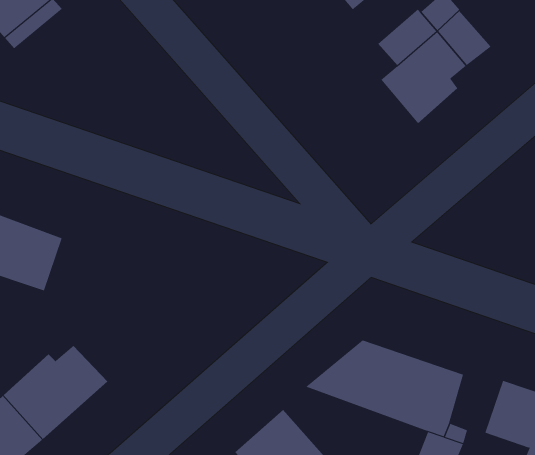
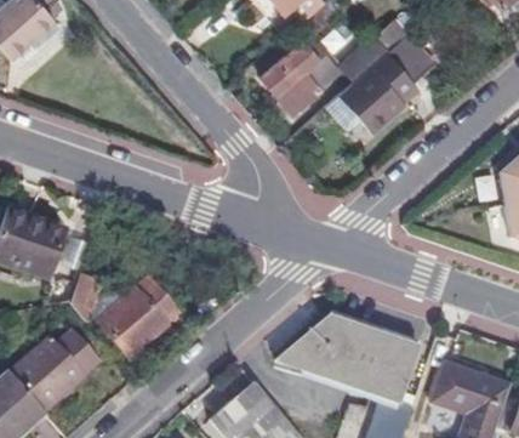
building: none -> [262,38,341,114]
building: none -> [69,275,182,359]

